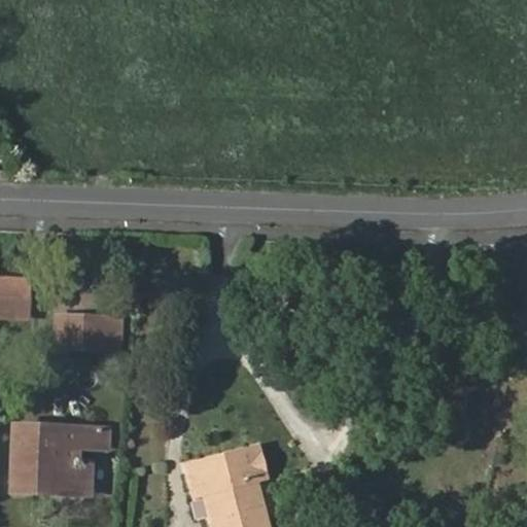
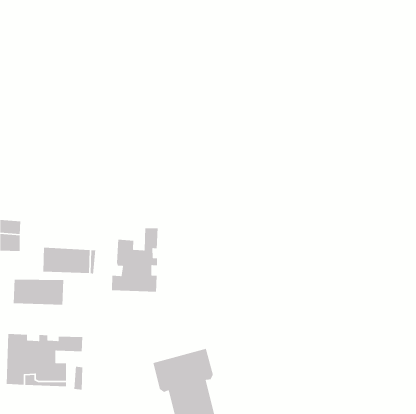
building: none -> [111,227,158,293]
building: none -> [13,279,64,305]

